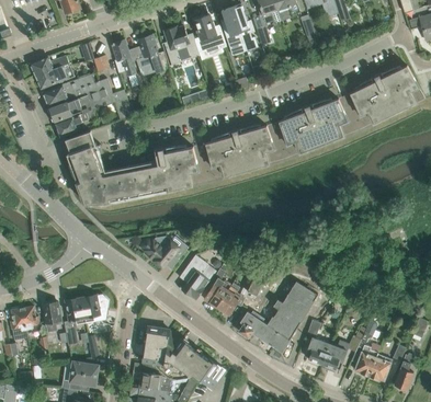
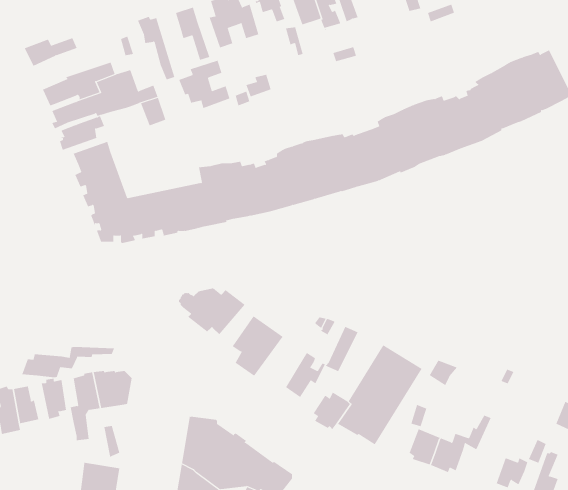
building: [36,64,73,88] -> none
building: none -> [179,60,230,109]
building: [204,267,230,307] -> none
building: none -> [21,346,115,378]
building: [354,320,379,376] -> none

